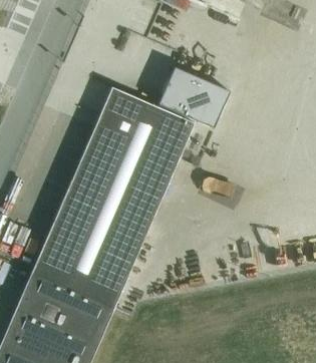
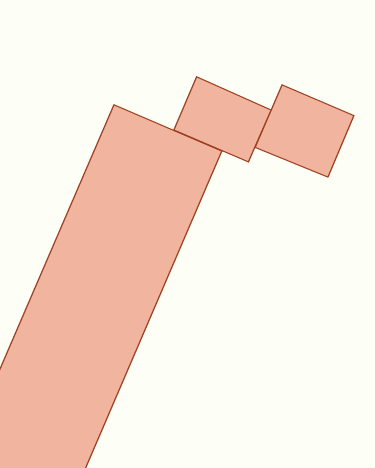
building: none -> [255,85,354,177]

